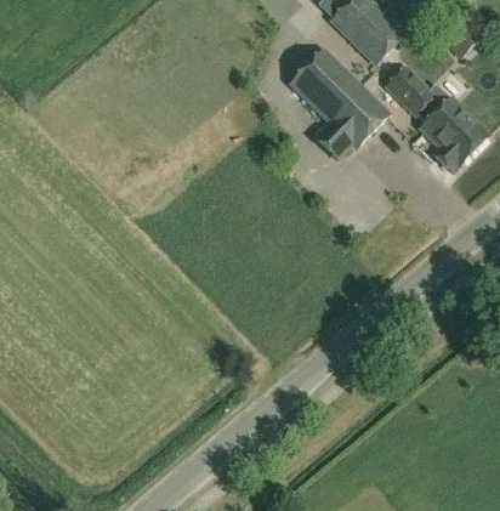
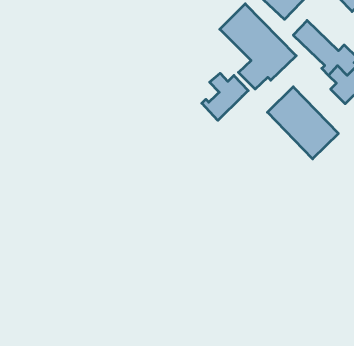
building: none -> [202,73,248,120]
building: none -> [267,87,338,159]

